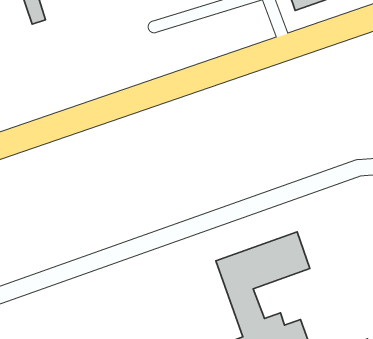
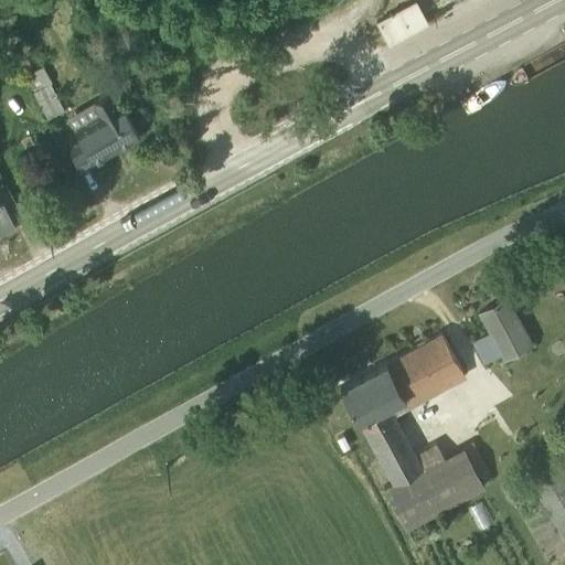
building: none -> [67,94,138,171]
building: none -> [472,301,533,365]

